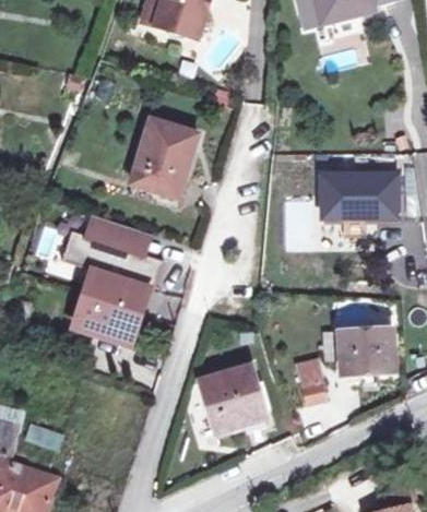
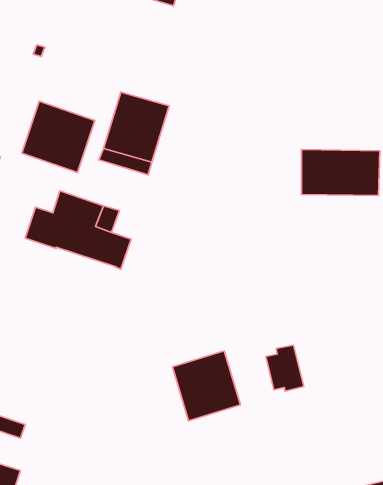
building: none -> [22,101,95,173]
building: [73,267,146,332] -> none
building: [320,329,394,381] -> none

